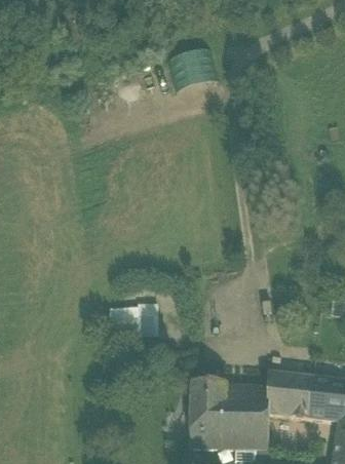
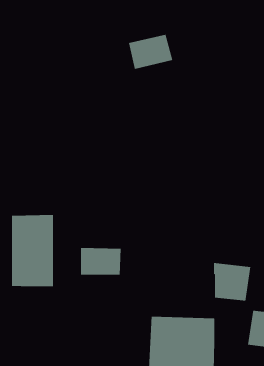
building: none -> [11,214,54,287]
building: [267,373,312,419] -> [213,263,251,301]

